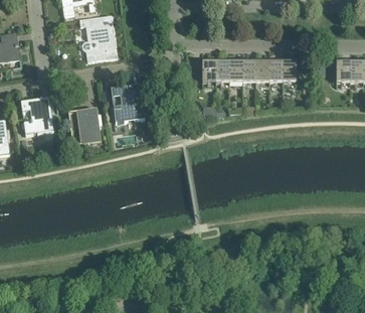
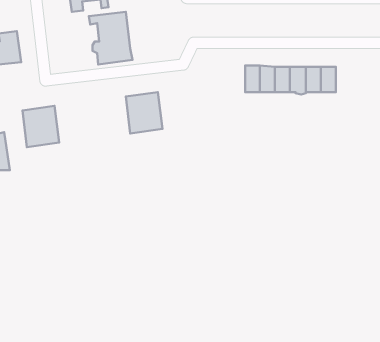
building: [194,61,216,85] -> none
building: [68,108,102,144] -> none

